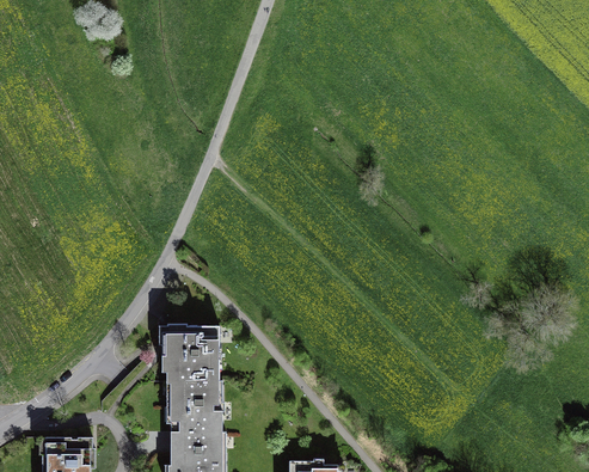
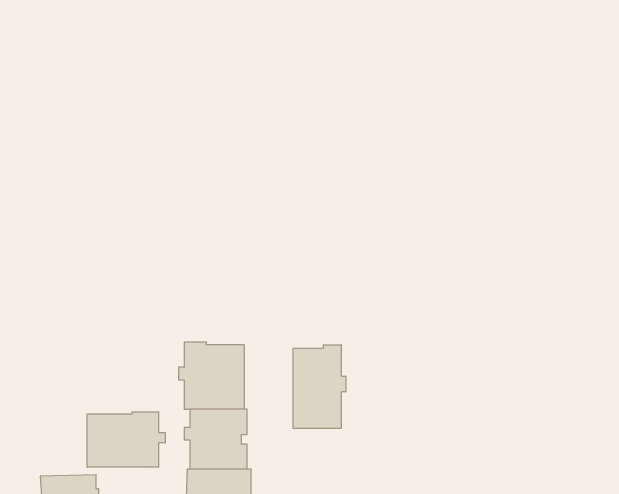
building: none -> [293,345,346,428]
building: none -> [87,412,165,467]

